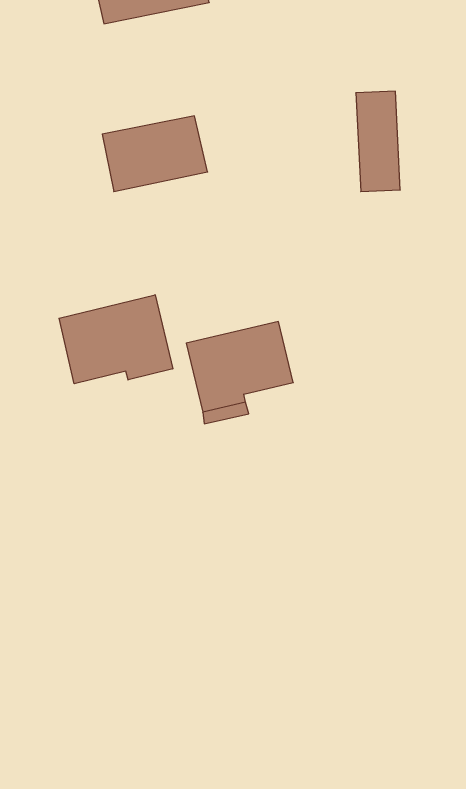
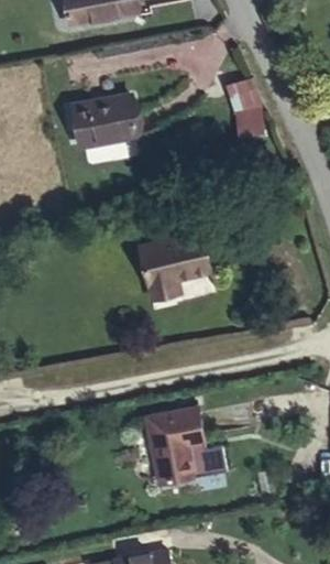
building: [59,295,173,384] -> none
building: none -> [148,411,213,494]

